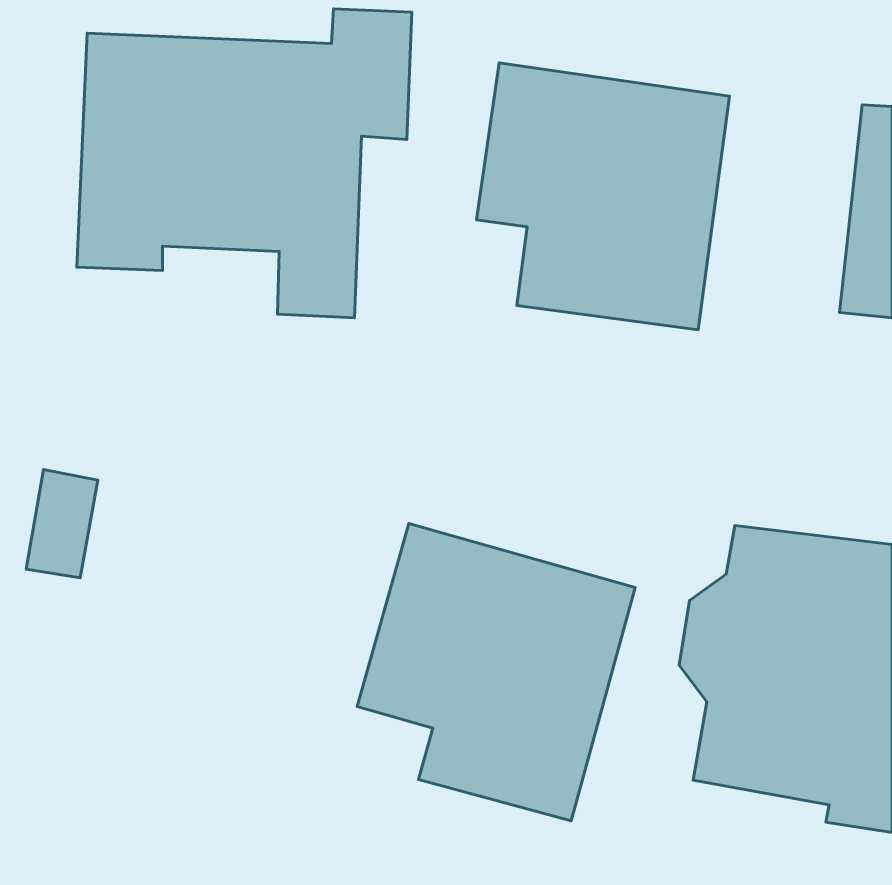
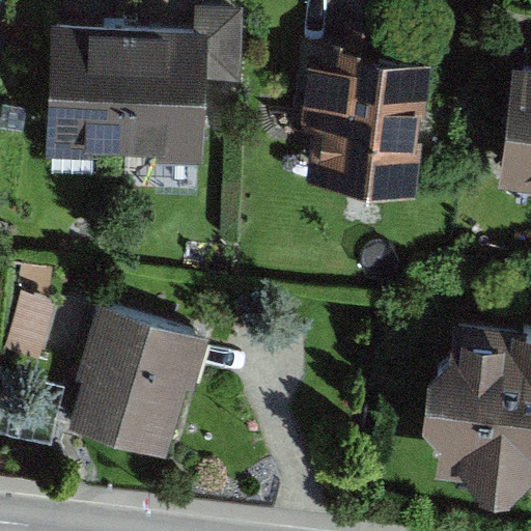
building: none -> [68,304,215,464]
building: [357,523,635,821] -> none

